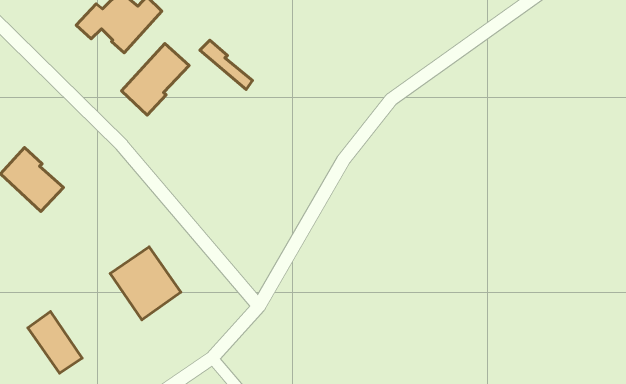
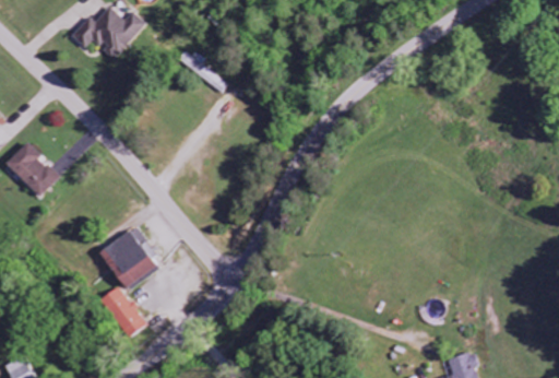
building: [122,43,189,115] -> none
building: [28,312,82,373] -> [100,284,147,338]

